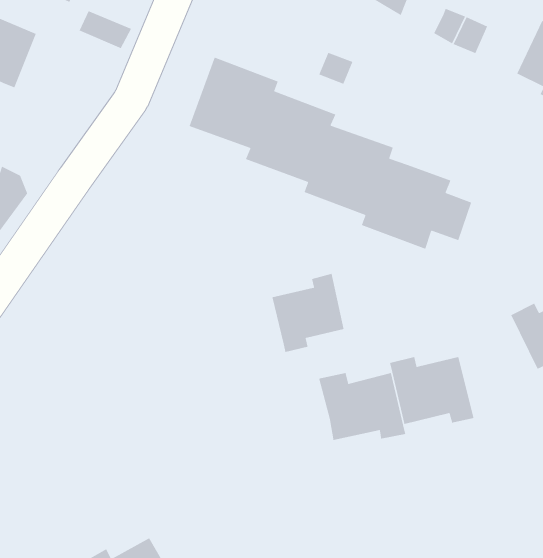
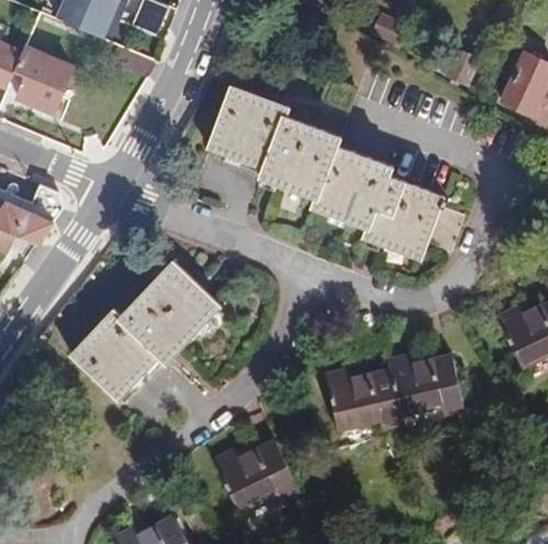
building: none -> [70,261,220,399]
building: [272,273,345,353] -> none
building: none -> [213,440,299,510]

